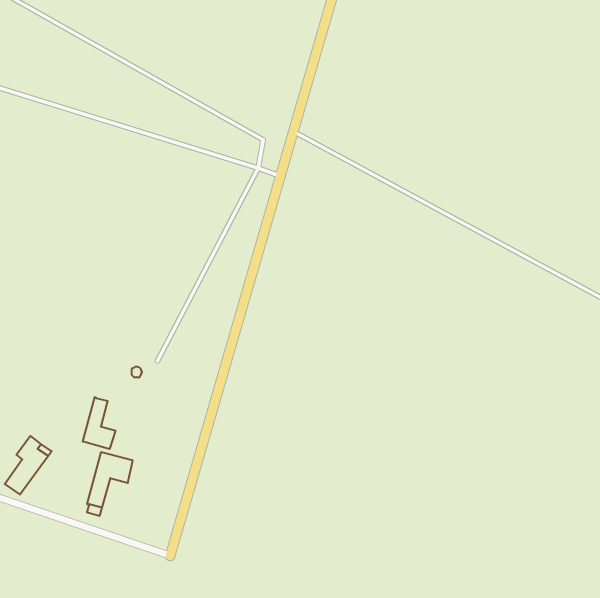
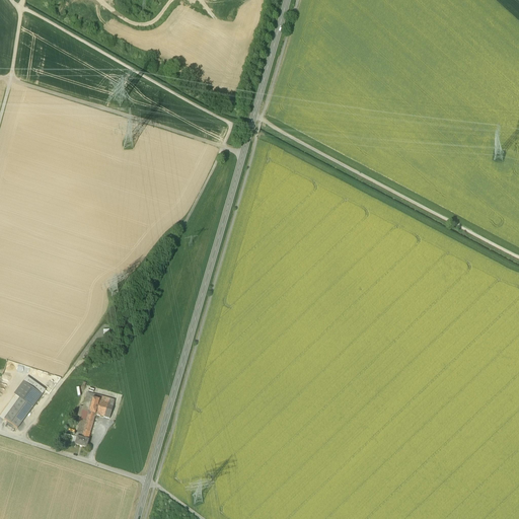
building: [83,397,116,449] -> none

